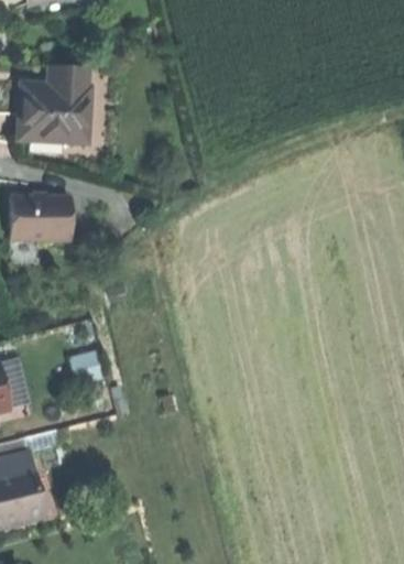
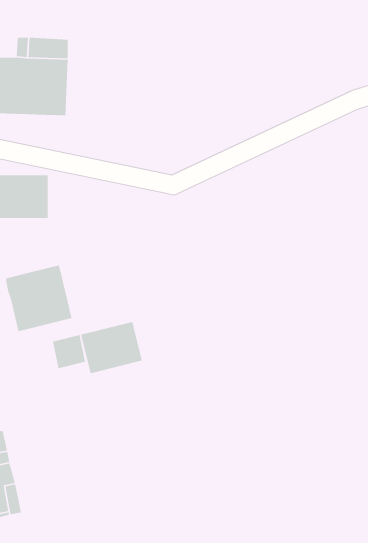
building: none -> [5,265,72,332]
building: none -> [80,321,143,374]

